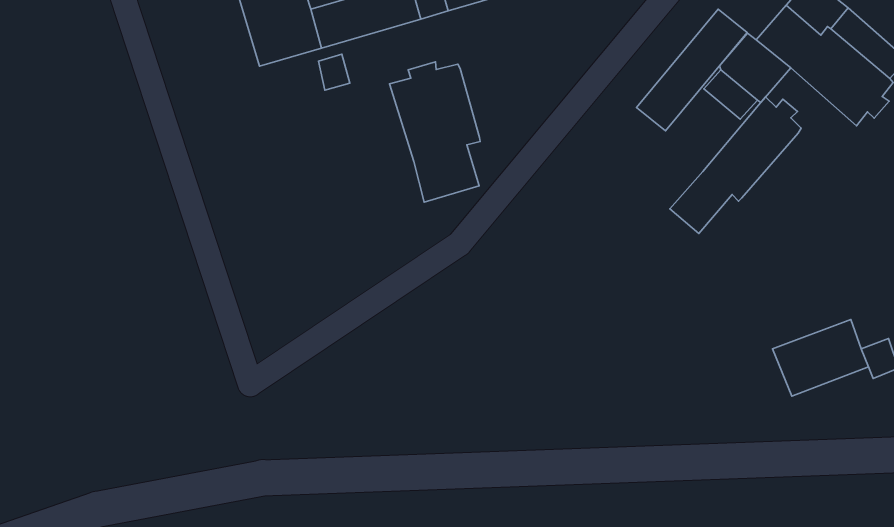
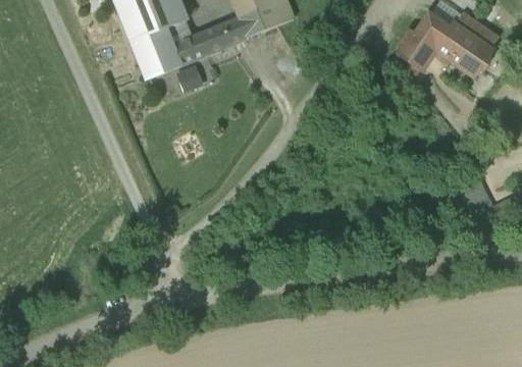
building: [637,9,747,131] -> none
building: [390,62,480,202] -> none
building: [670,97,801,233] -> none

